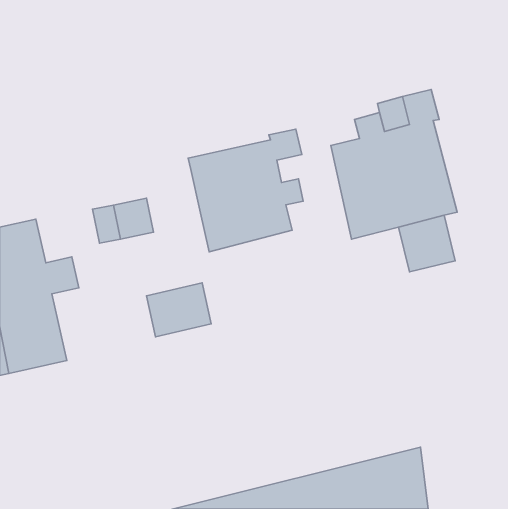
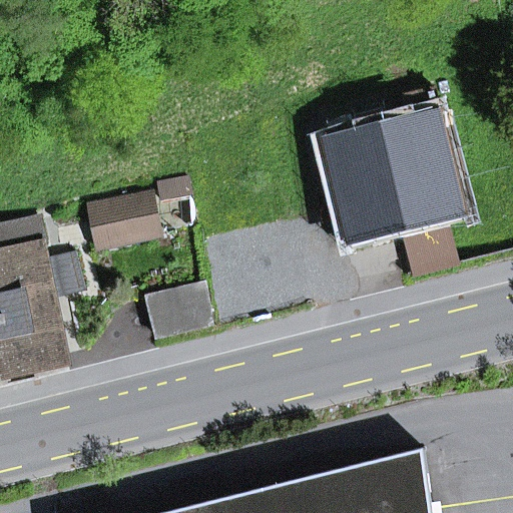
building: [188,129,303,252] -> none

